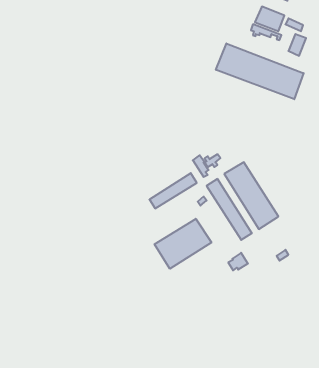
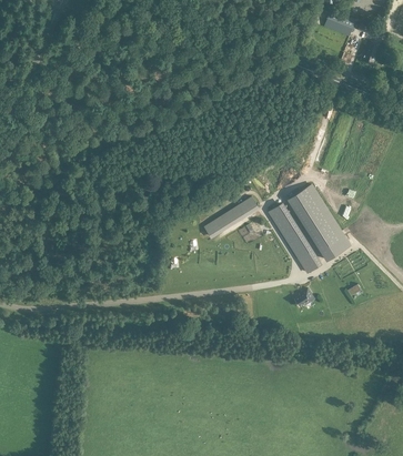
building: [216,43,304,99] -> none
building: [155,219,211,269] -> none

